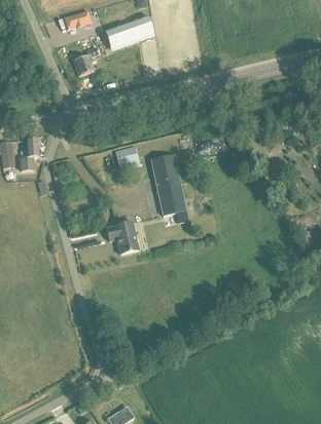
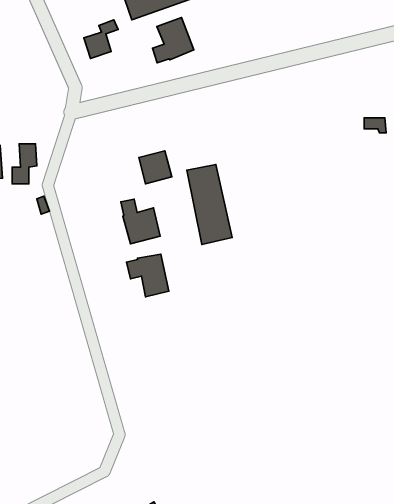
building: none -> [152,18,194,63]
building: none -> [121,199,160,244]

